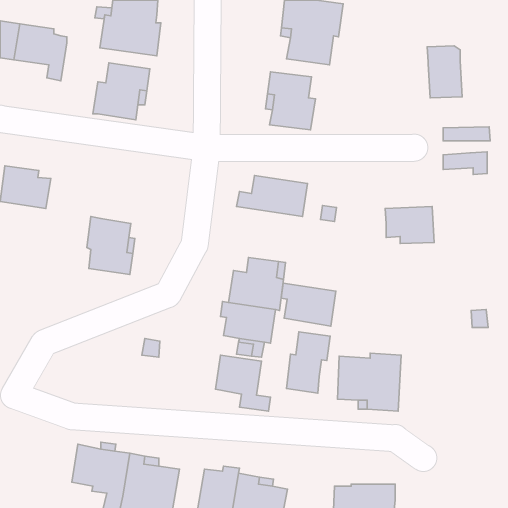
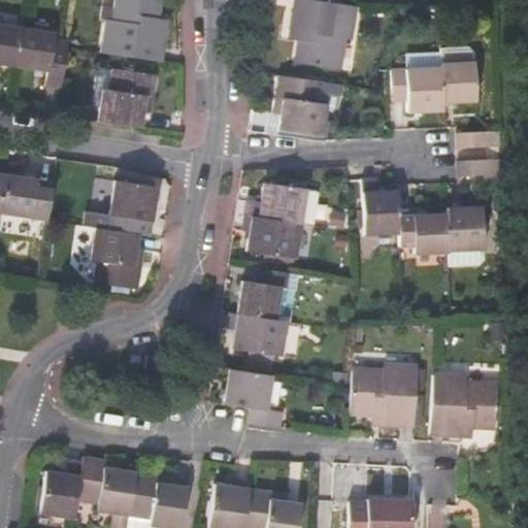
building: none -> [395,68,447,112]
building: none -> [364,178,401,235]
building: none -> [106,179,156,233]
building: none -> [449,207,486,266]
building: [281,283,336,326] -> [244,216,301,260]
building: [286,332,330,393] -> none
building: none -> [430,378,499,438]
building: none -> [39,459,82,517]

